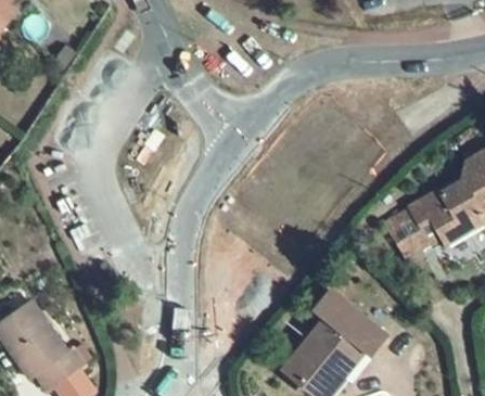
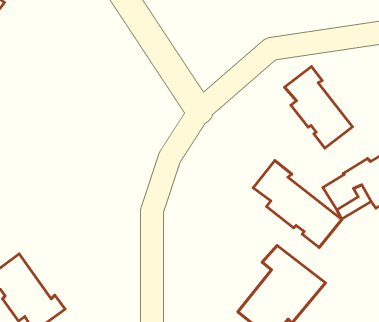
building: none -> [285,67,353,148]
building: none -> [253,161,342,248]

